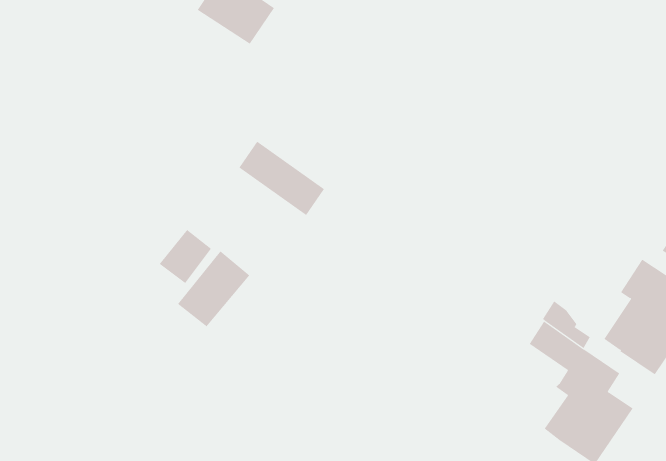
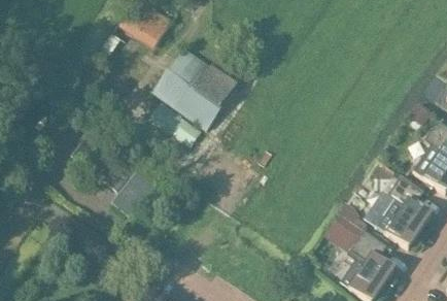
building: none -> [156,45,239,127]

